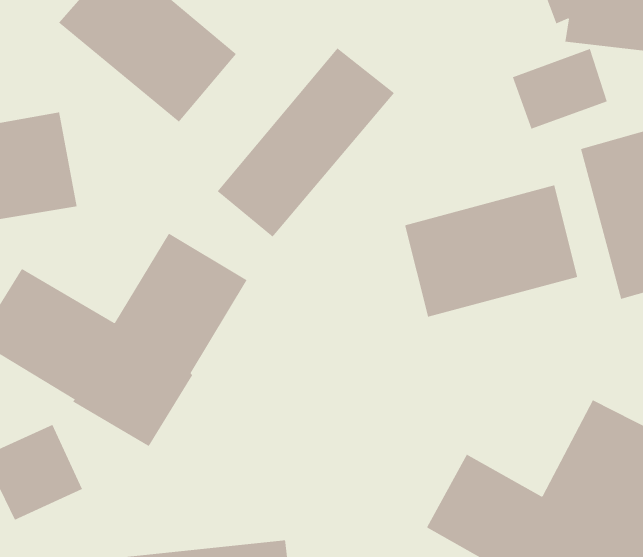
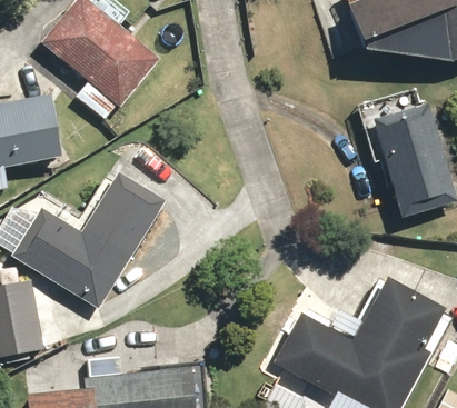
building: [217,48,395,238] -> none
building: [512,48,608,129] -> none
building: [404,185,578,318] -> none

